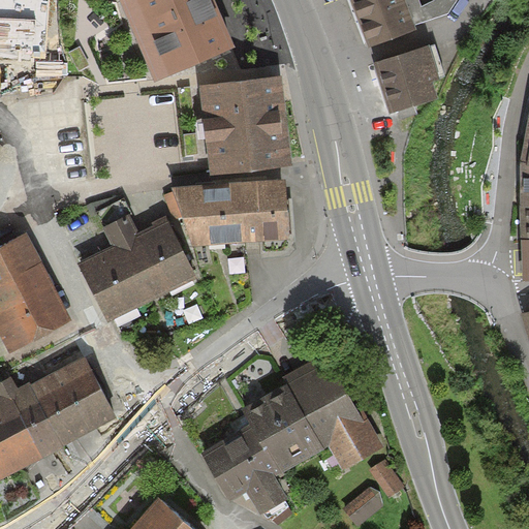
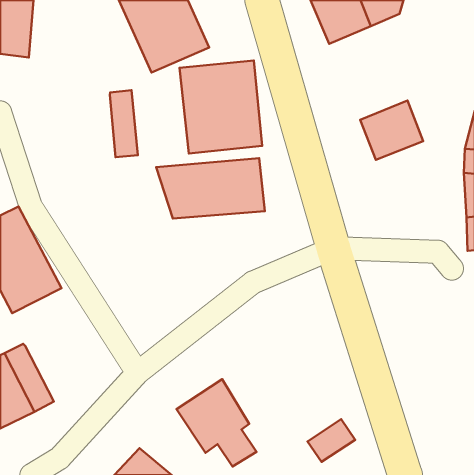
building: [373,45,443,112] -> [360,100,423,160]
building: none -> [110,90,138,157]
building: [86,211,199,318] -> none
building: [29,354,114,446] -> none
building: [240,362,377,471] -> none

